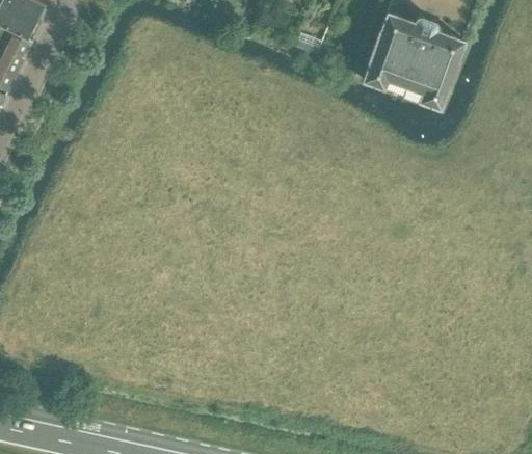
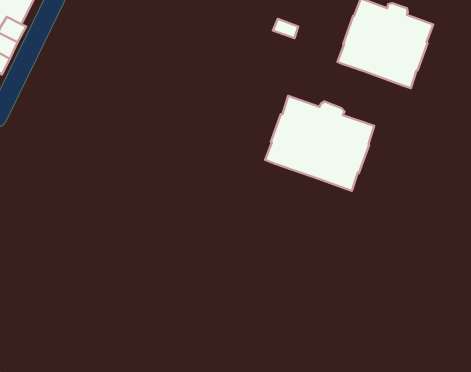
building: none -> [265,96,374,191]

